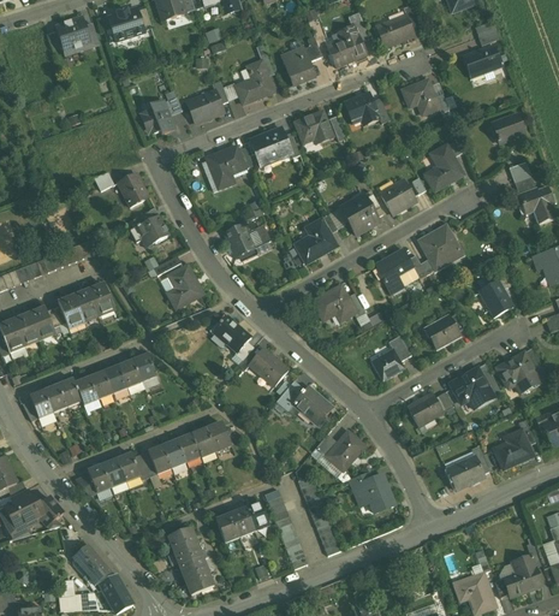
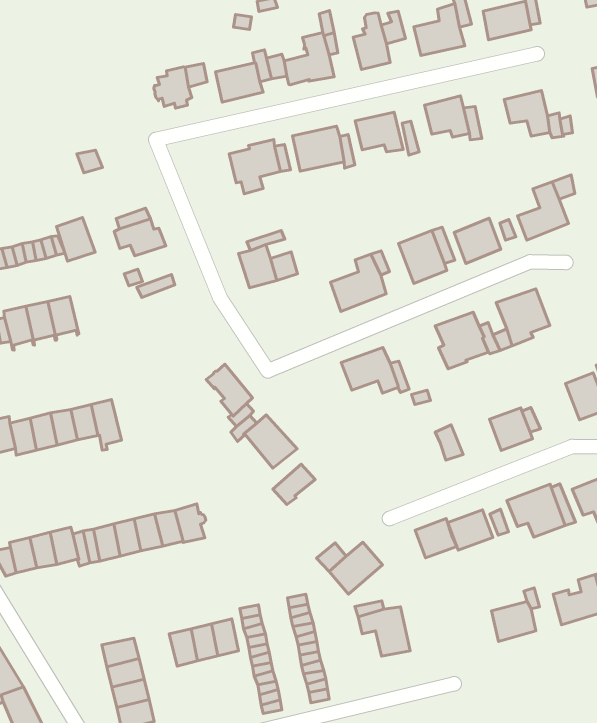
building: [118,172,149,206] -> [56,218,95,261]
building: [167,265,203,309] -> none
building: [371,349,404,380] -> [415,519,457,558]
building: [292,386,332,422] -> none

